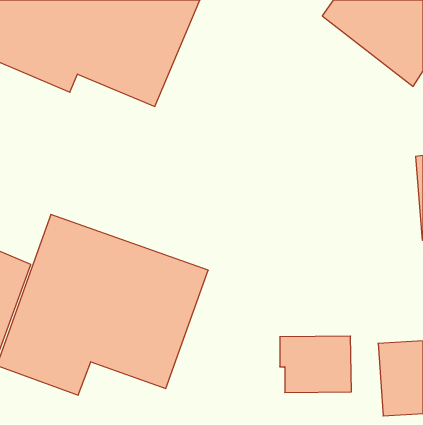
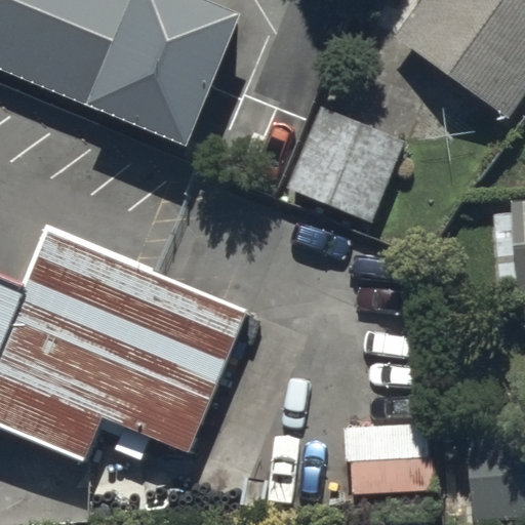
building: none -> [285,105,402,218]

